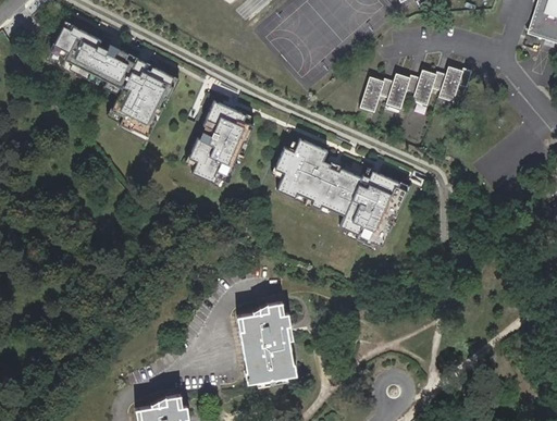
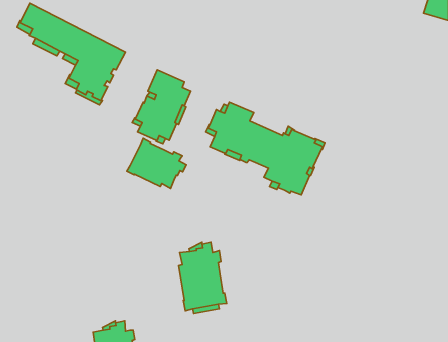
building: [363,72,478,112] -> none
building: none -> [127,138,186,189]

